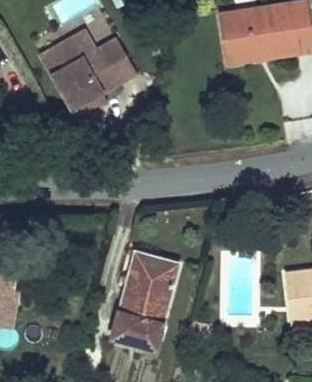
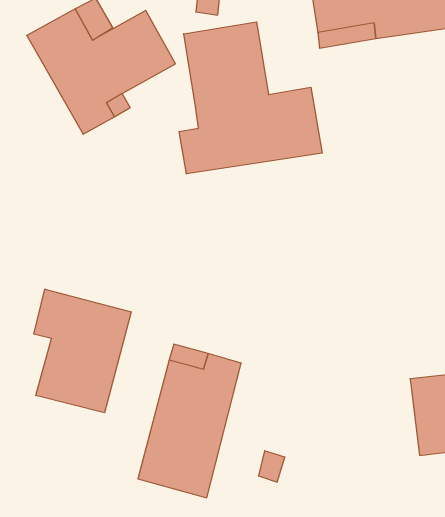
building: none -> [179,22,322,174]
building: none -> [34,289,131,413]

